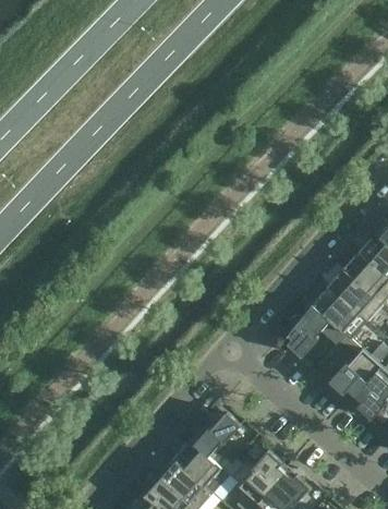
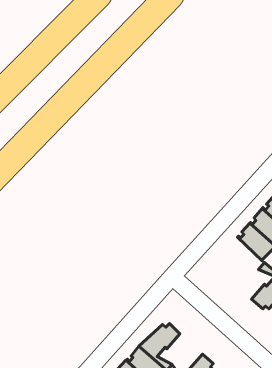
building: [287,305,345,357] -> none

